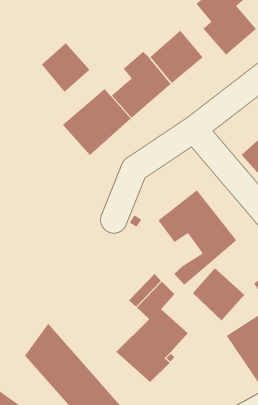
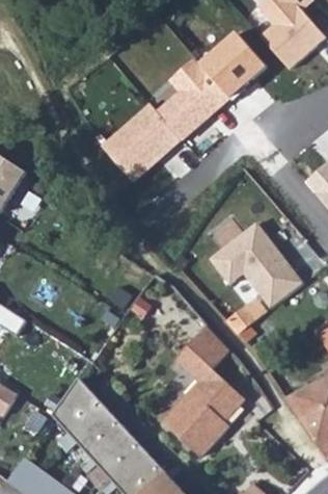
building: [41,42,90,93] -> none
building: [192,268,245,321] -> none

